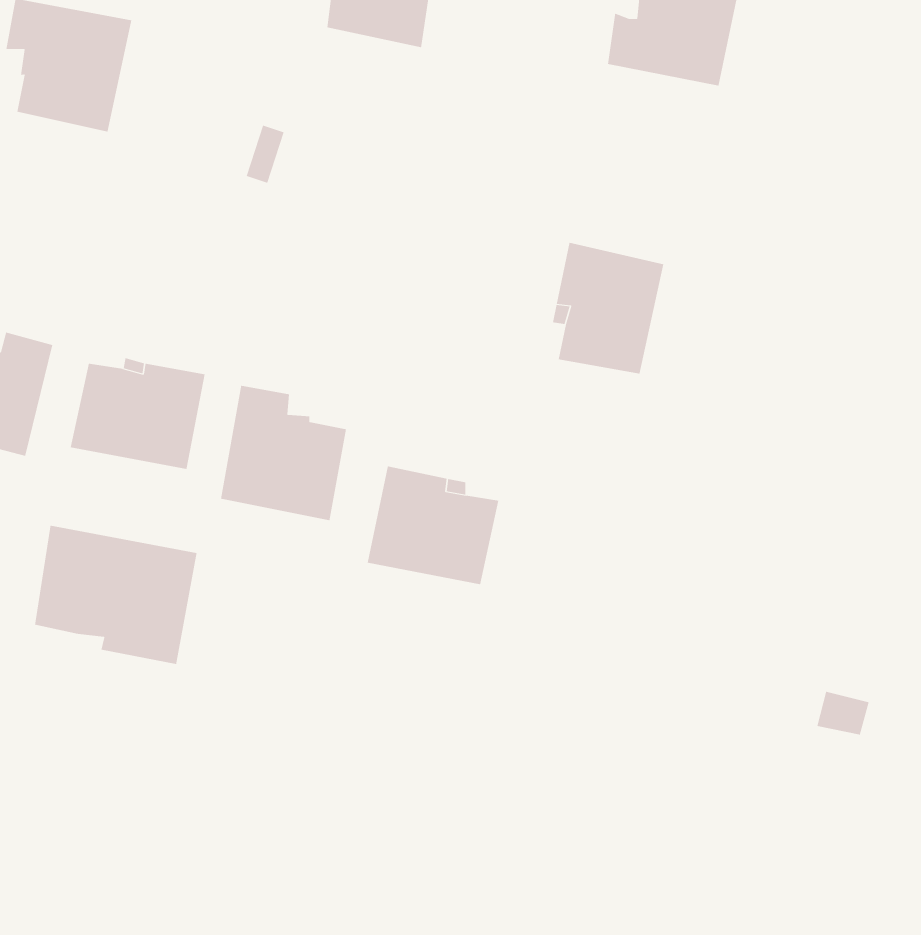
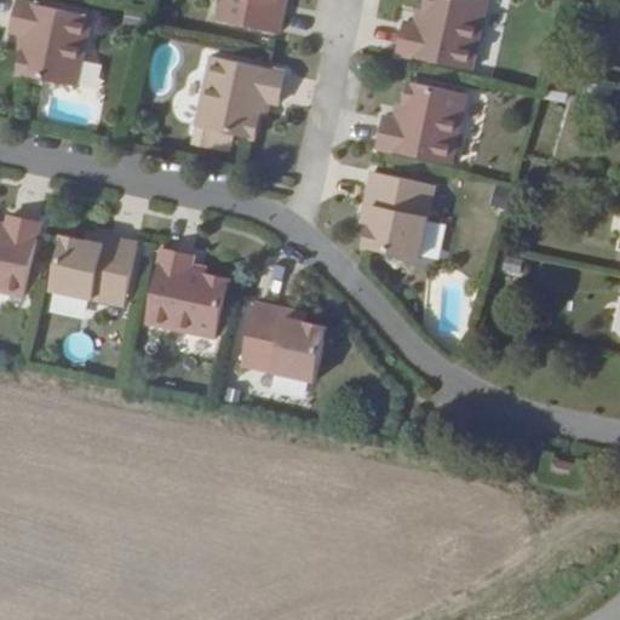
building: none -> [195,56,285,139]
building: none -> [381,69,470,153]
building: [34,525,197,665] -> none

